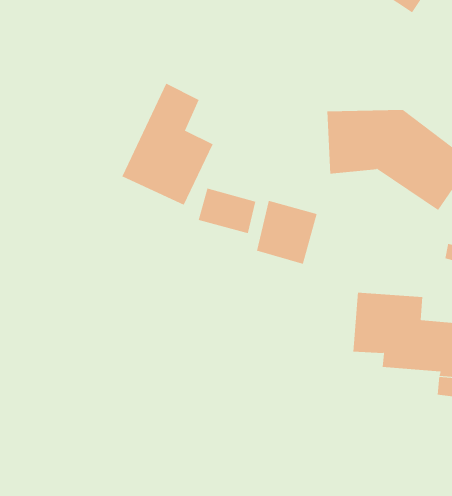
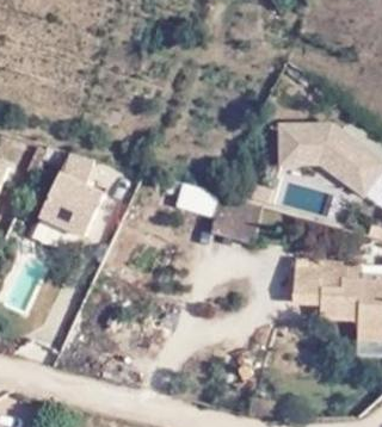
building: [121,83,213,206] -> [32,148,104,243]

